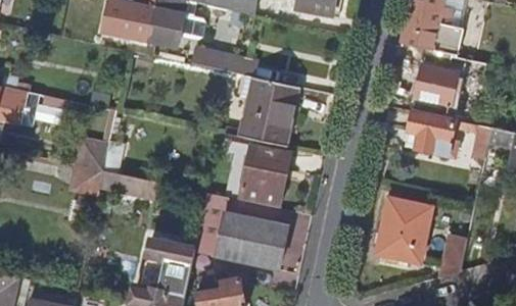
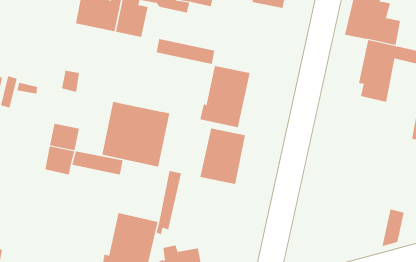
building: [408,110,454,155] -> none
building: [216,197,291,269] -> [101,101,170,167]
building: [373,199,428,264] -> none

